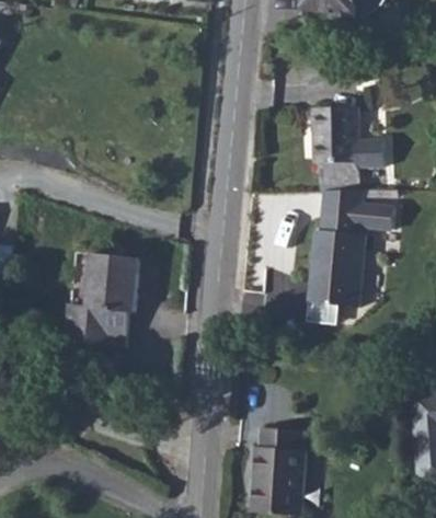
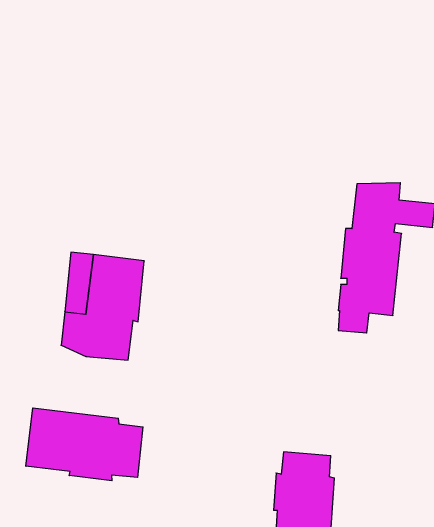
building: [314,106,385,180] -> none
building: none -> [26,408,143,481]

